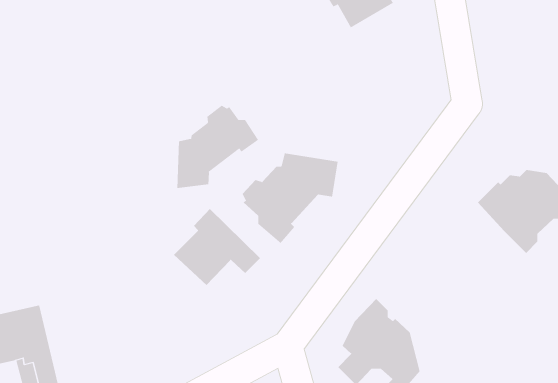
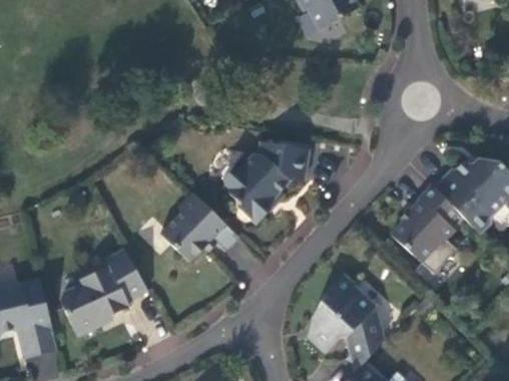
building: [177,105,259,189] -> none
building: none -> [392,183,459,273]
building: none -> [61,249,147,335]

